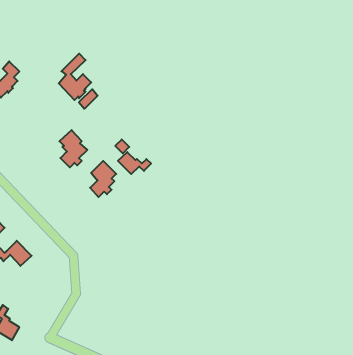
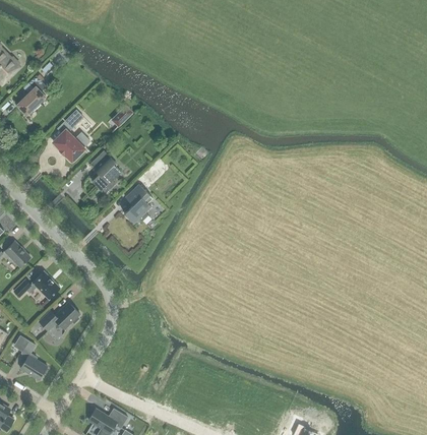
building: [59,54,91,100] -> [54,110,89,161]
building: [118,152,151,174] -> none
building: none -> [39,303,79,330]

